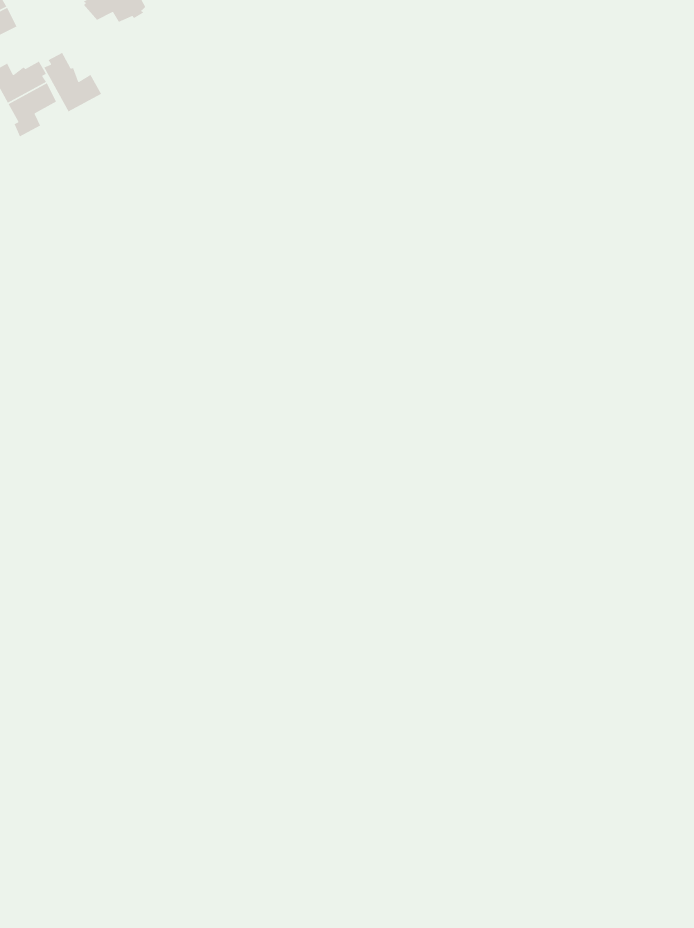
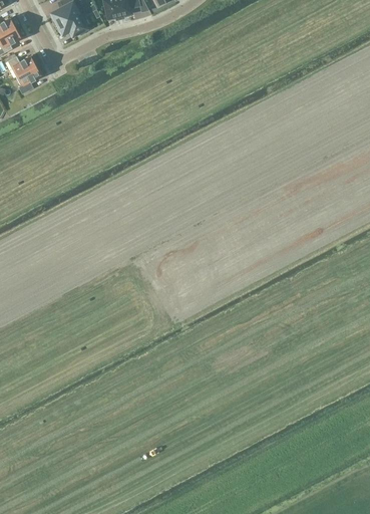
building: [43,52,102,112] -> none

